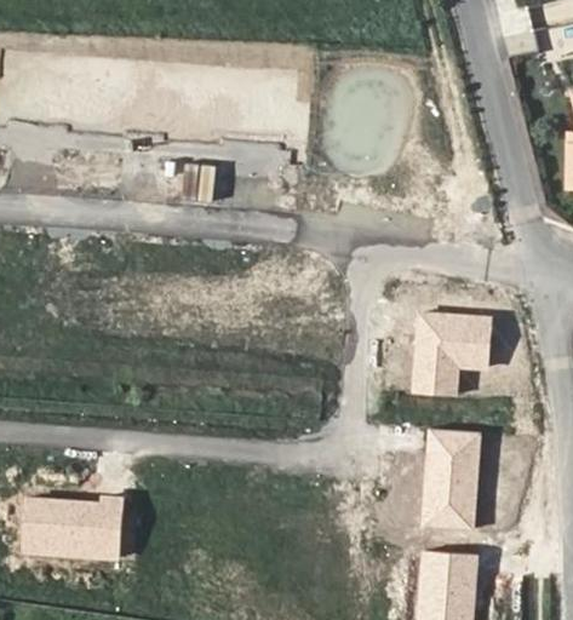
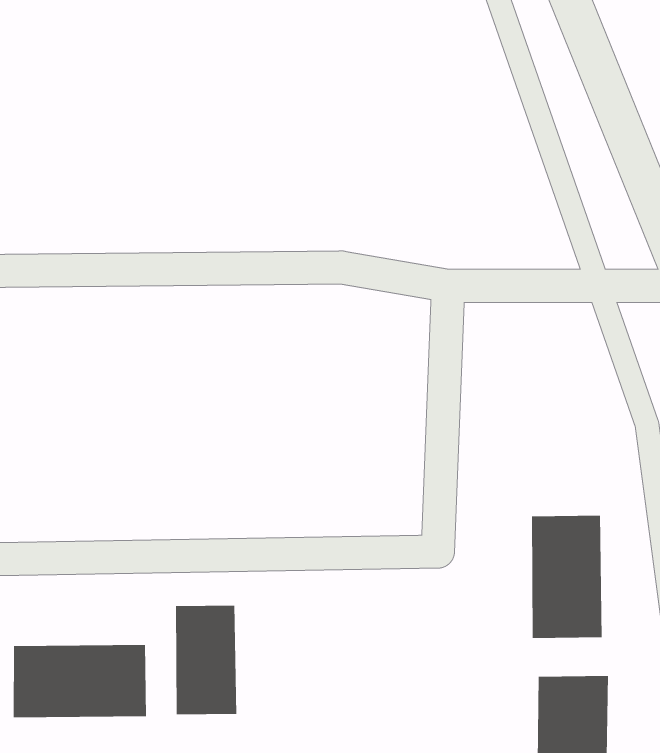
building: [412,312,493,398] -> none
building: none -> [175,605,237,715]

